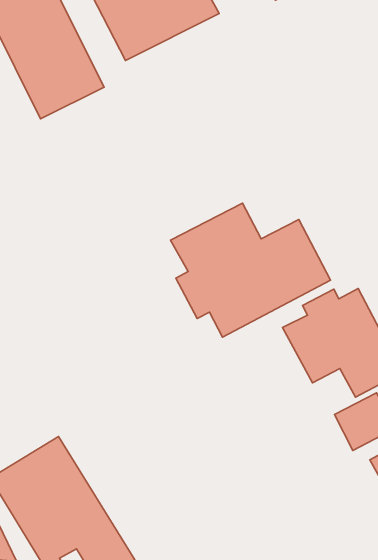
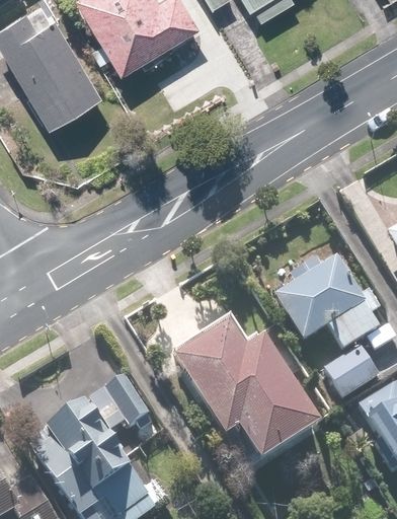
building: [170,203,331,337] -> none
building: none -> [175,323,322,463]
building: none -> [90,372,150,428]

